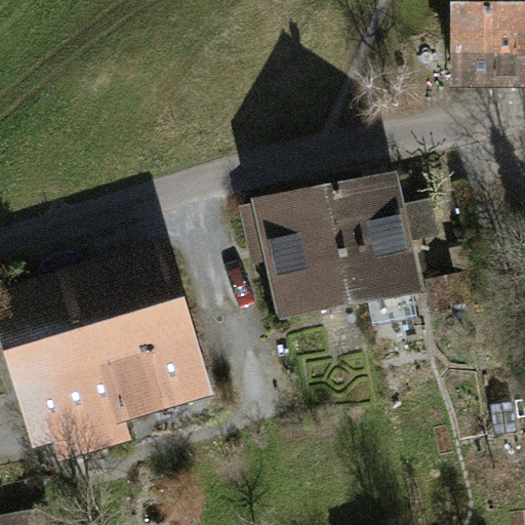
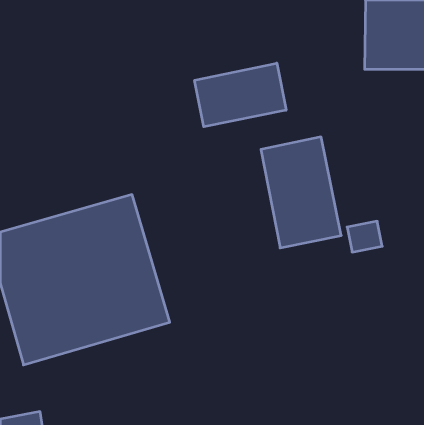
building: none -> [195,63,286,127]
building: [253,186,348,321] -> none

